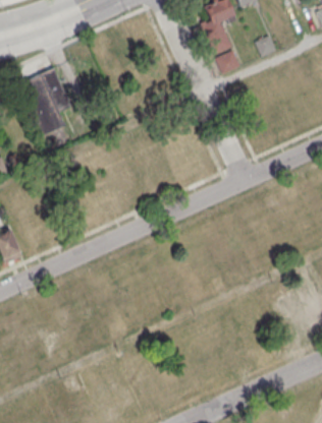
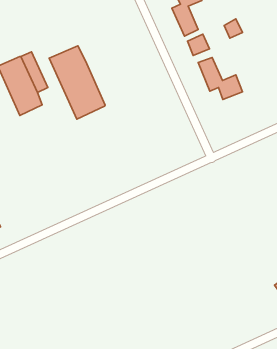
building: none -> [49,46,105,119]
building: none -> [198,57,242,100]

